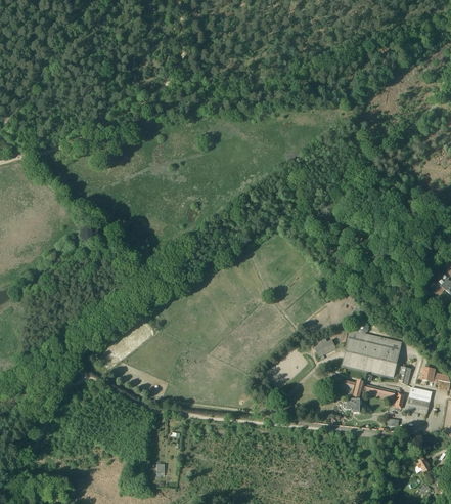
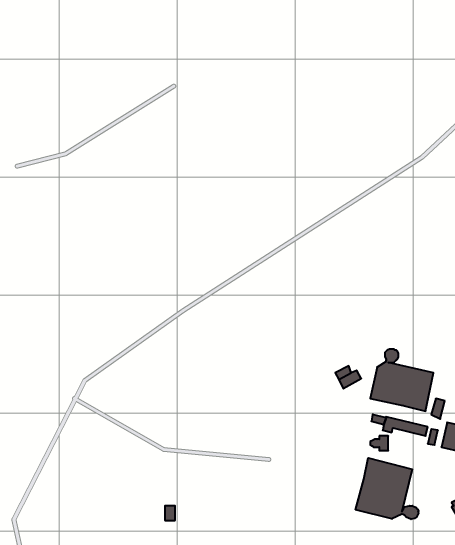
building: none -> [356,458,419,519]

